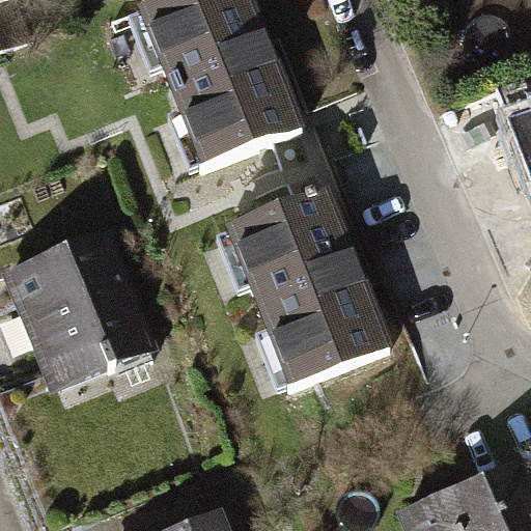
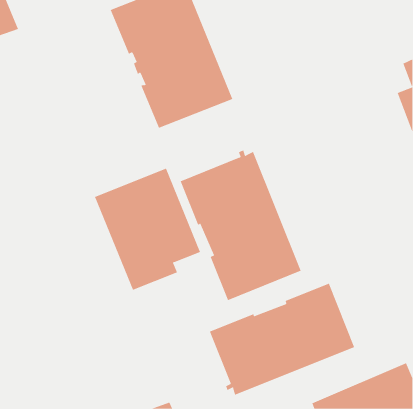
building: [7,230,143,387] -> [94,168,201,290]
building: none -> [209,283,355,396]

